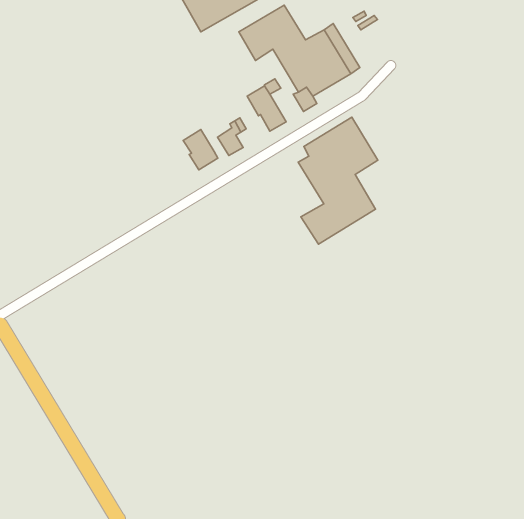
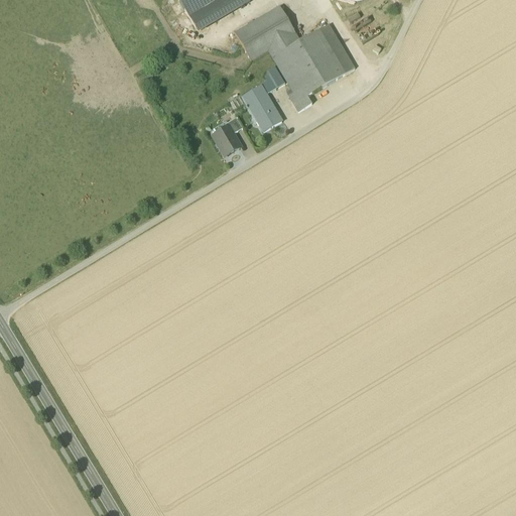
building: [298,117,378,244] -> none
building: [183,130,218,170] -> none

